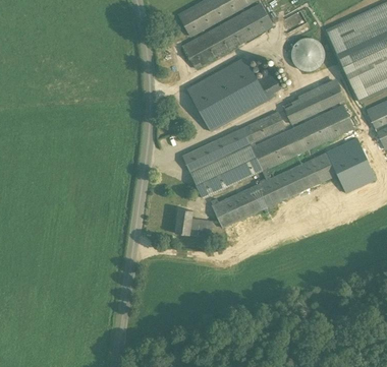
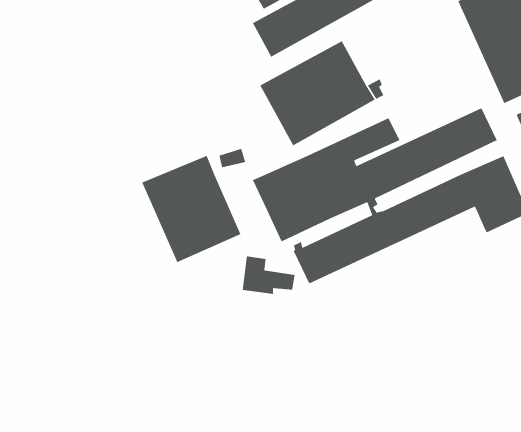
building: [293,40,323,69] -> none
building: [282,78,345,121] -> none
building: none -> [141,155,242,263]

